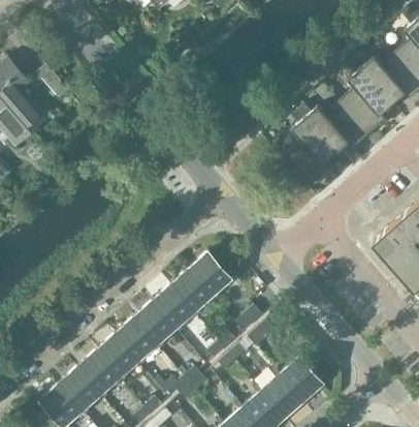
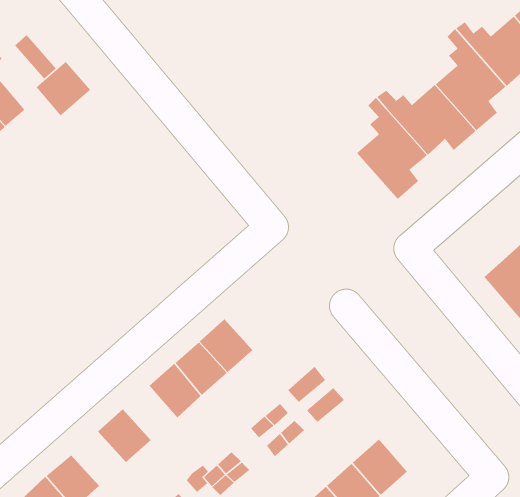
building: none -> [35,61,91,116]
building: [188,252,228,293] -> none
building: [115,318,154,358] -> none
building: [77,352,117,391] -> none

